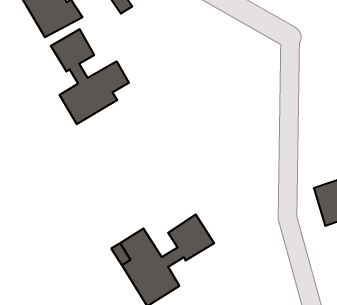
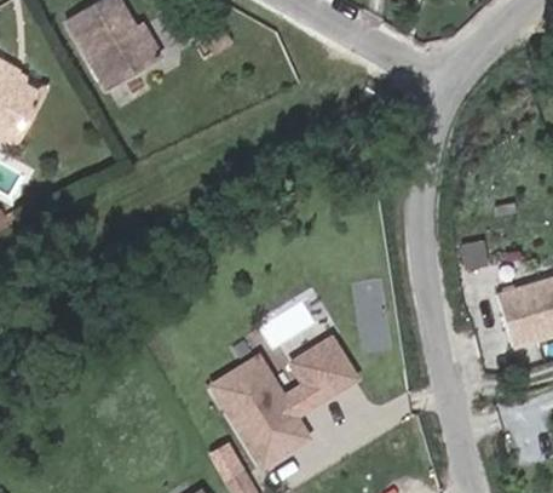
building: [51,29,129,124] -> none

